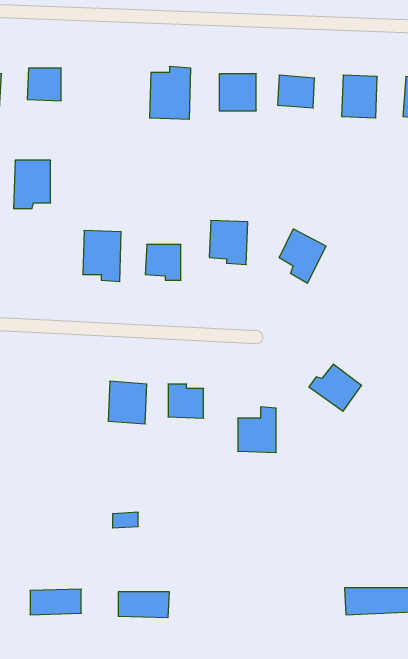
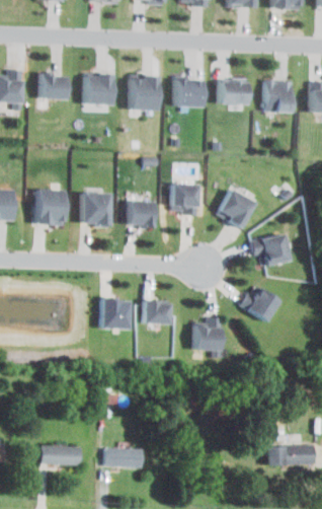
building: none -> [86,73,112,104]
building: [14,160,51,209] -> [36,190,63,224]
building: none -> [251,233,290,265]

